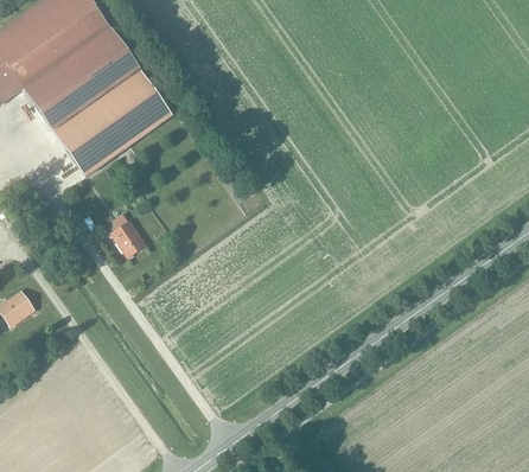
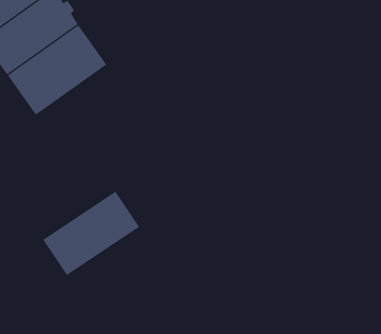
building: [110,215,145,256] -> none
building: none -> [42,191,140,276]

